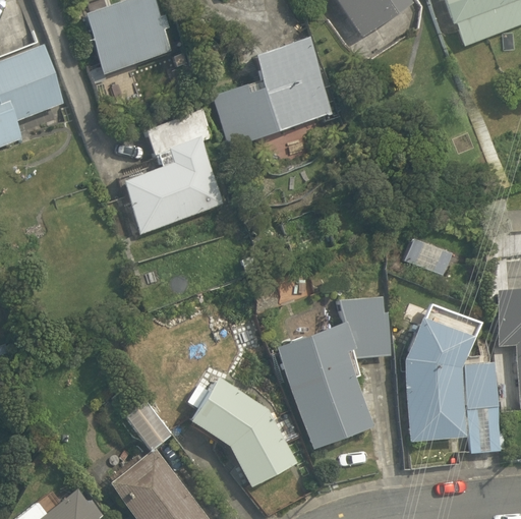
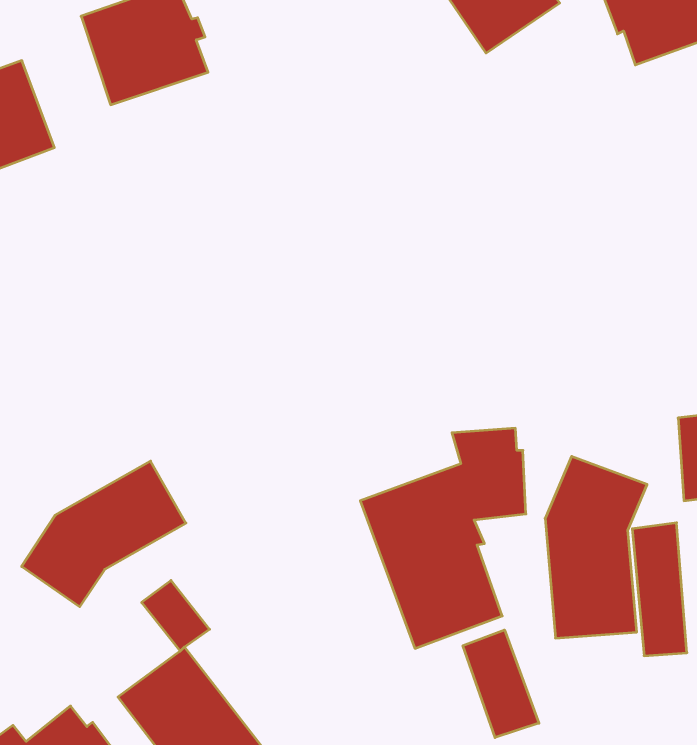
building: [213,35,333,148] -> none
building: [123,108,224,235] -> none
building: none -> [22,461,186,607]
building: [187,374,297,487] -> none
building: none -> [463,630,539,738]

